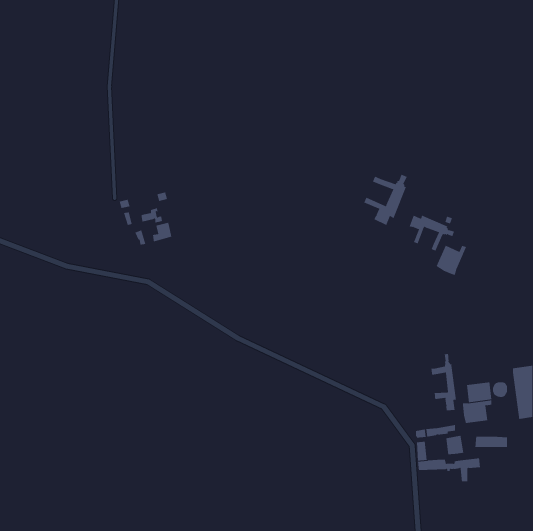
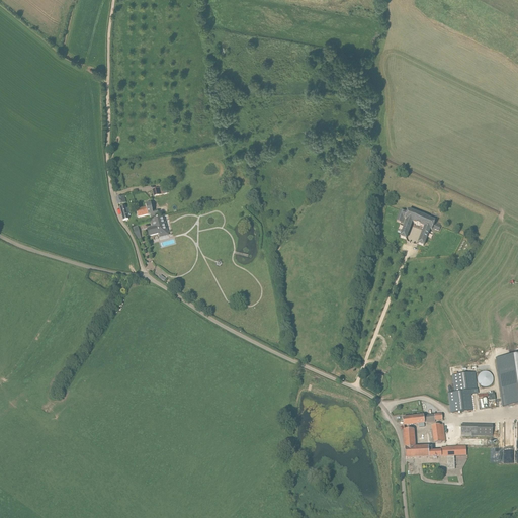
building: [363,174,407,226] -> none
building: [436,245,467,276] -> none
building: [431,353,456,411] -> none

